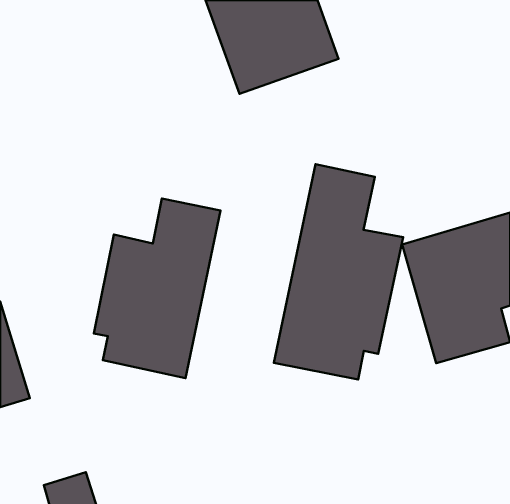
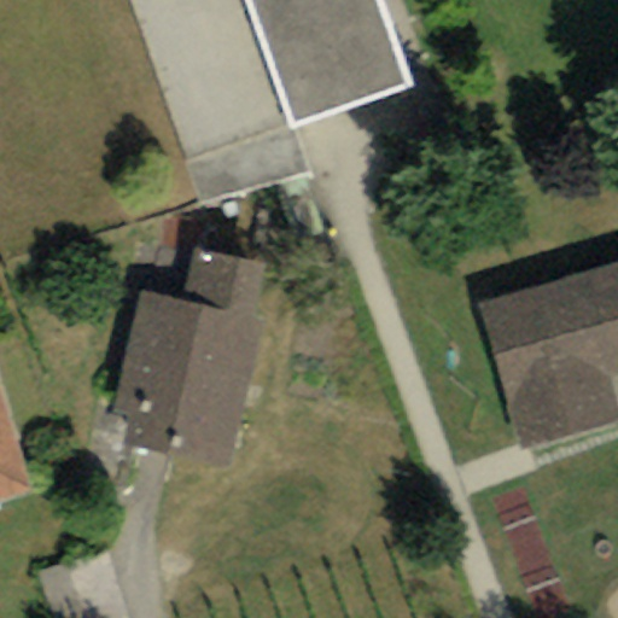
building: [274,164,403,379] -> none

